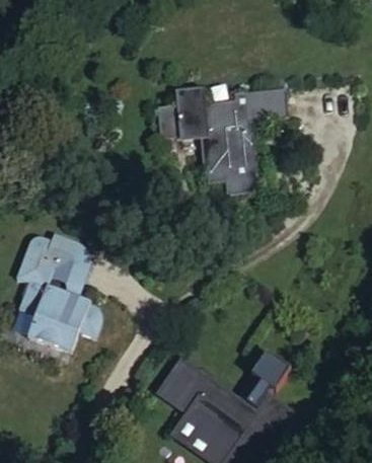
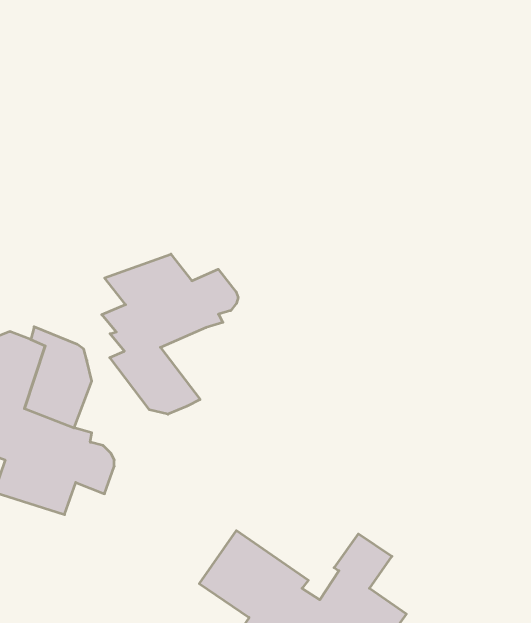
building: [154,83,280,189] -> none
building: none -> [102,254,238,414]

